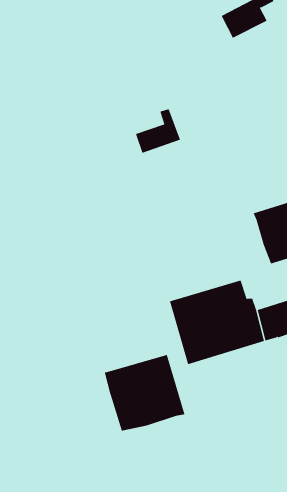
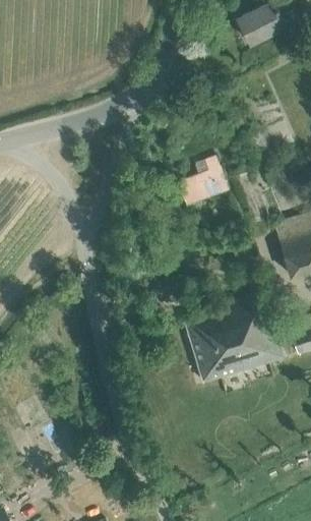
building: [135,108,181,153] -> [178,157,226,204]
building: [104,354,185,431] -> none

